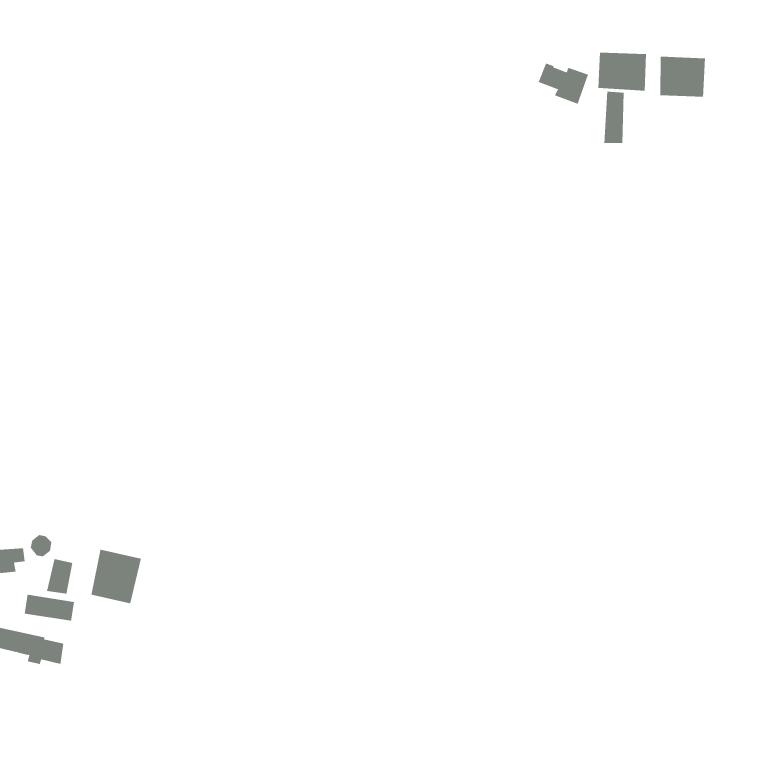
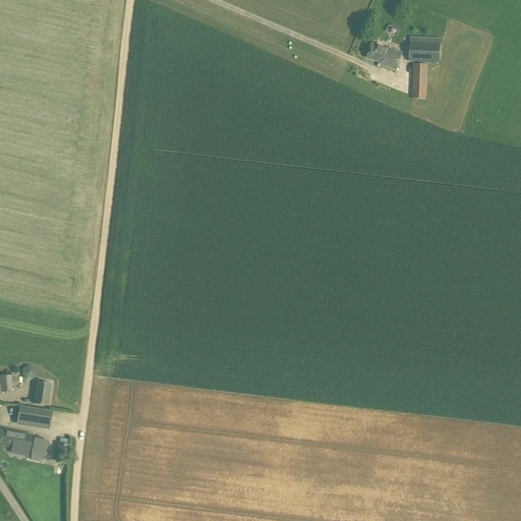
building: [660,56,705,97] -> none
building: [91,549,141,604] -> none

